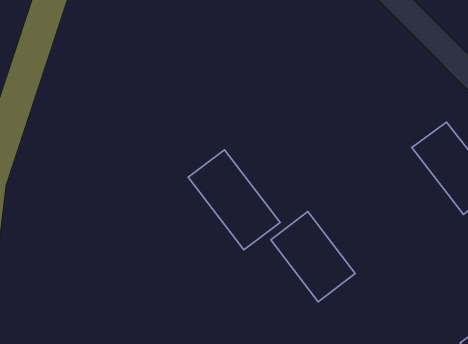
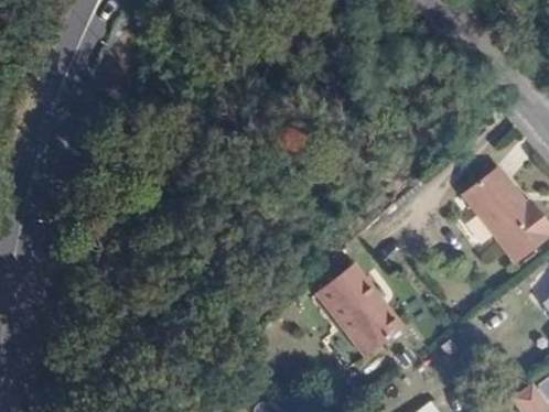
building: [188,150,280,250] -> none

